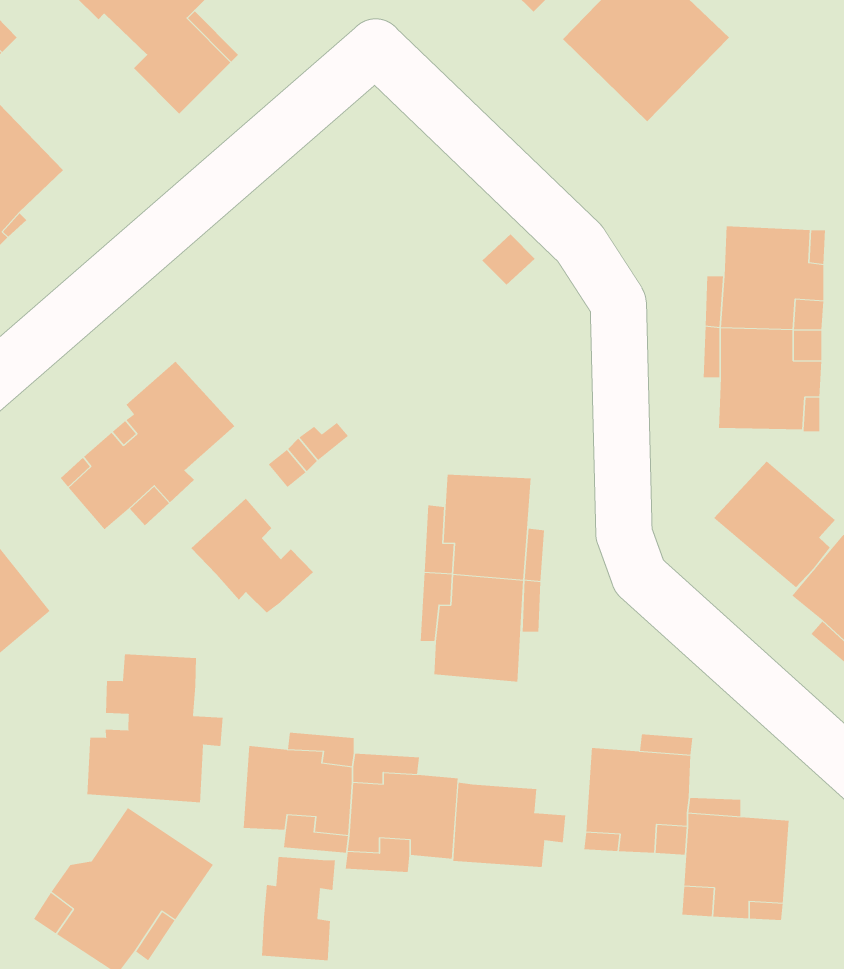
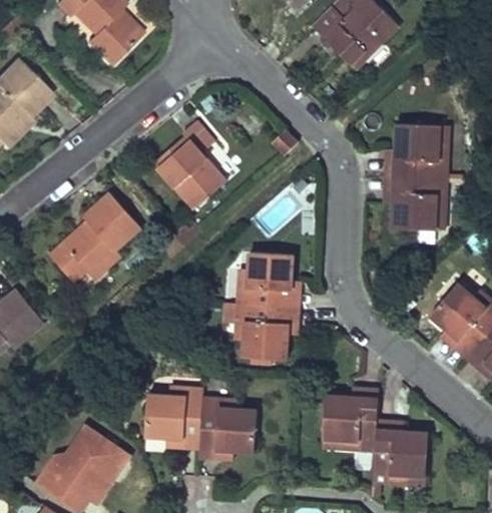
building: none -> [152,120,225,208]
building: [713,461,836,588] -> none
building: [190,498,314,614] -> none
building: [87,653,223,803] -> none
building: [453,782,566,868] -> none
building: [261,856,336,961] -> none

